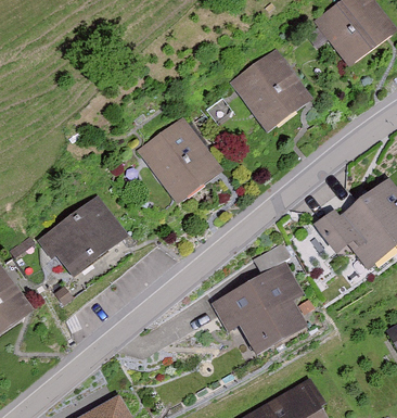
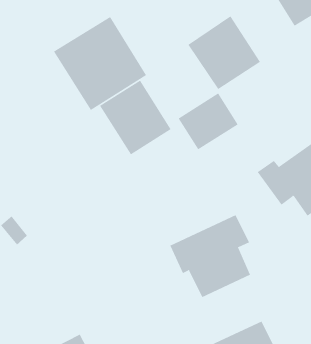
building: none -> [53,16,147,111]
building: none -> [178,93,239,150]
building: [46,201,124,275] -> none

